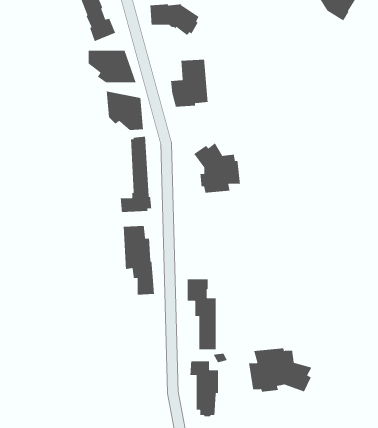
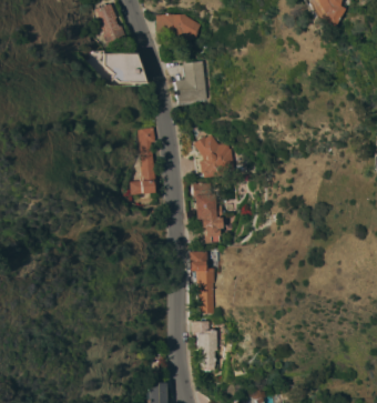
building: [106,91,144,131] -> none
building: [123,225,155,296] -> [195,182,223,243]
building: [248,347,313,393] -> none

